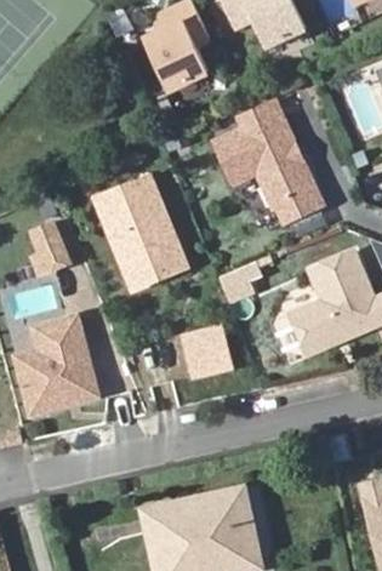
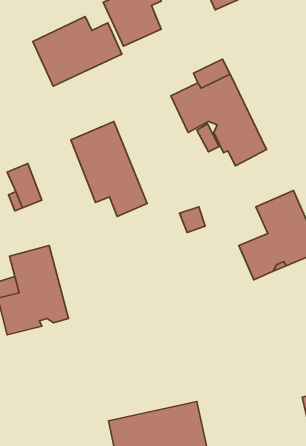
building: none -> [33,16,122,86]
building: [93,194,154,290] -> none
building: [186,337,229,375] -> none

